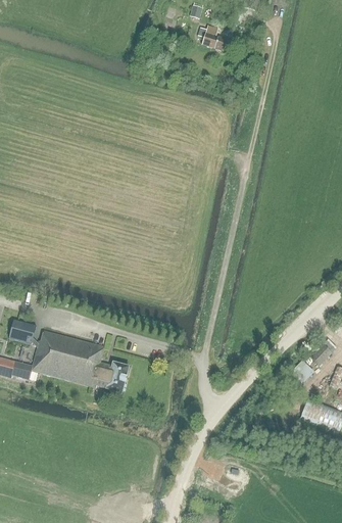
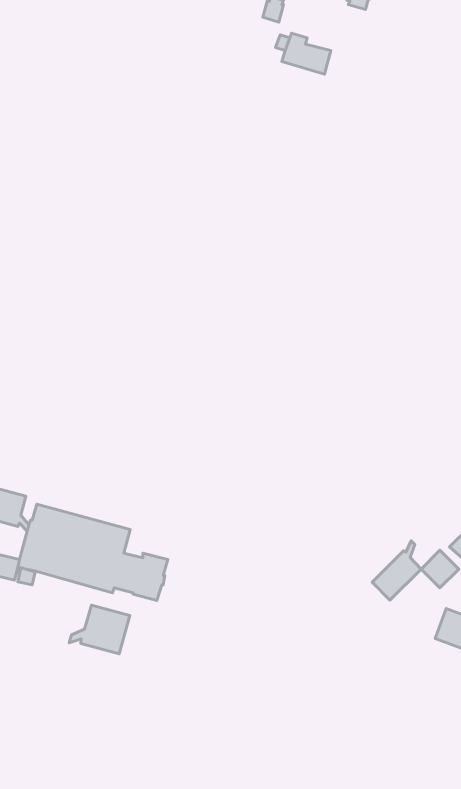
building: none -> [372,541,421,600]
building: none -> [69,605,130,654]

